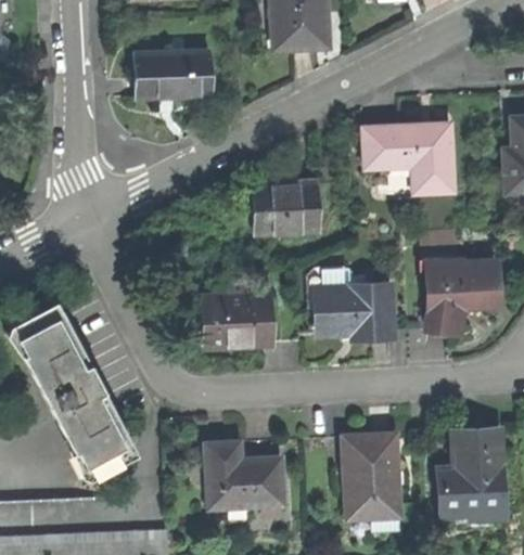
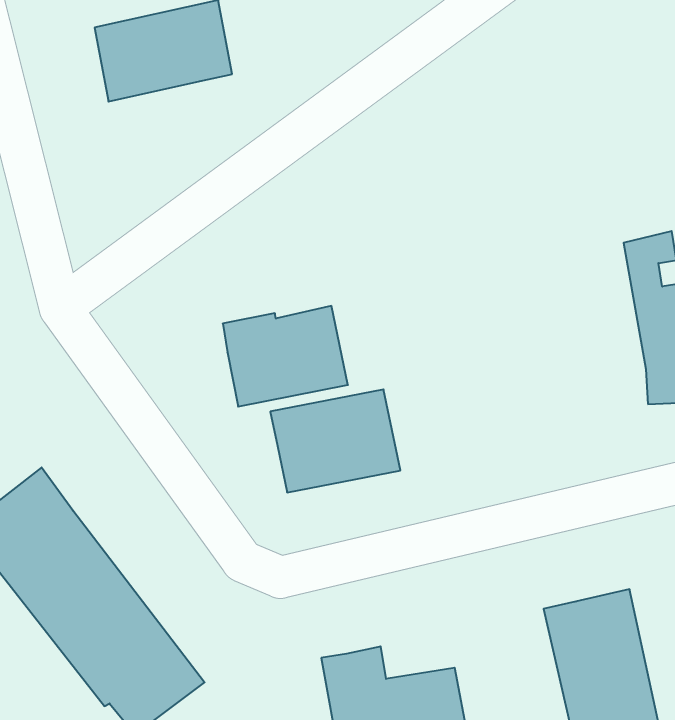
building: [361,121,451,193] -> none
building: [253,182,320,233] -> [223,306,348,407]
building: [305,278,391,339] -> none

